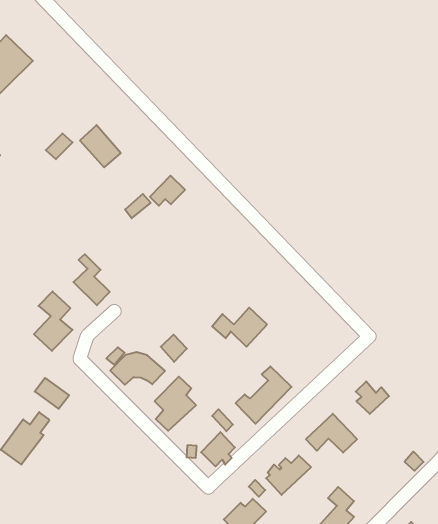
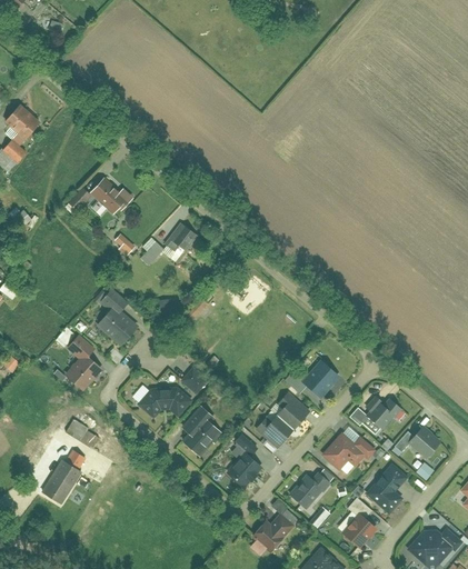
building: [212,308,267,347] -> [290,360,341,397]
building: none -> [395,428,440,459]
building: none -> [367,468,405,513]

